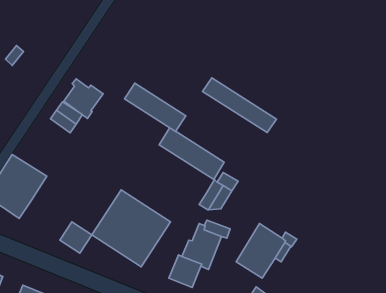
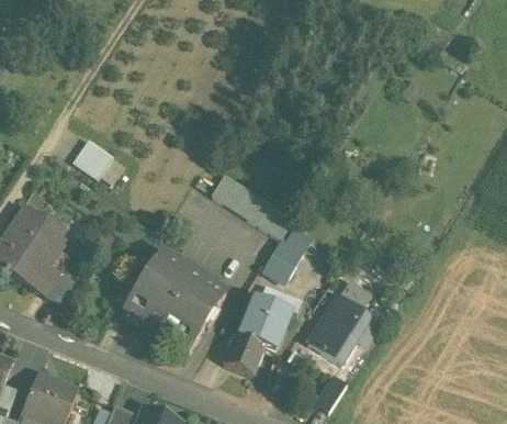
building: [203,78,276,132] -> none
building: [64,79,103,118] -> none
building: [124,83,186,131] -> none
building: [60,222,92,253] -> [32,264,72,303]

